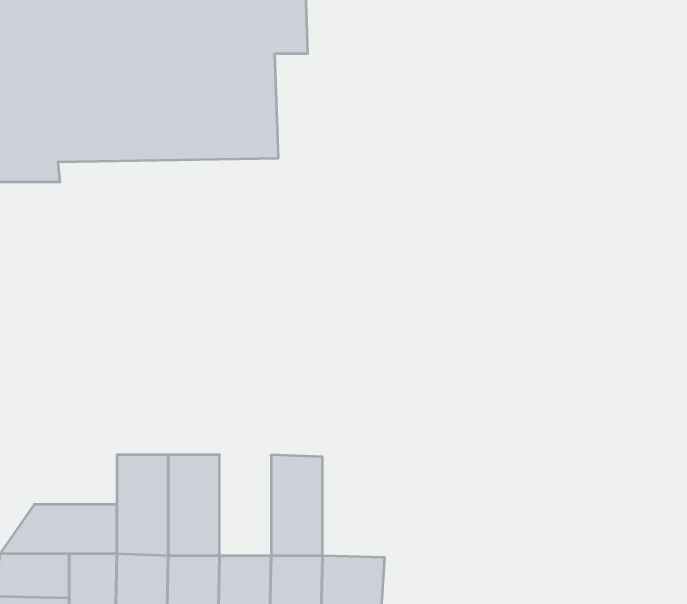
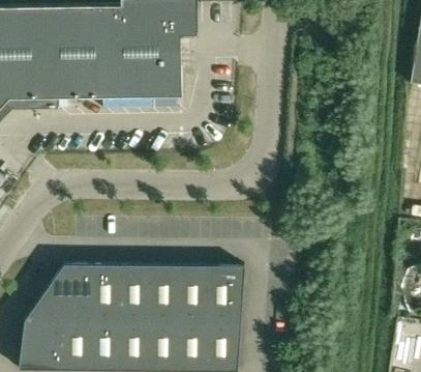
building: none -> [43,263,90,292]
building: none -> [148,264,177,321]
building: none -> [206,265,245,322]

